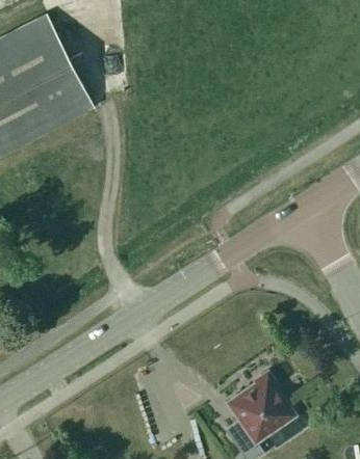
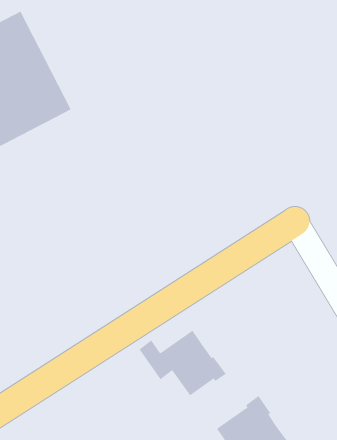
building: none -> [139,330,226,396]

